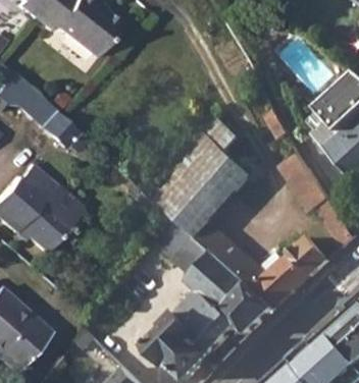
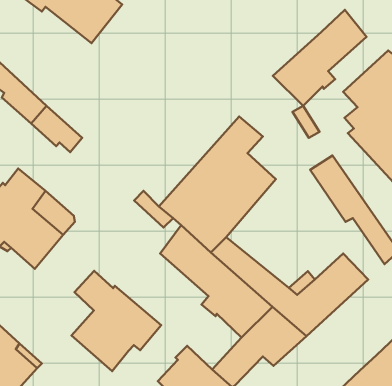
building: none -> [273,10,366,106]
building: none -> [72,271,161,371]
building: [173,288,220,336] -> none

